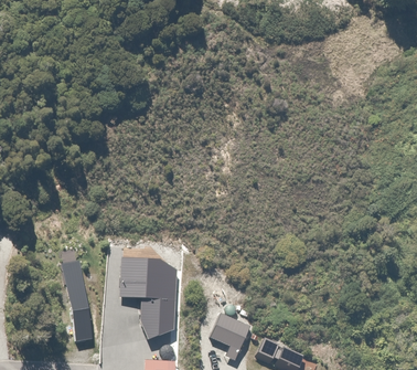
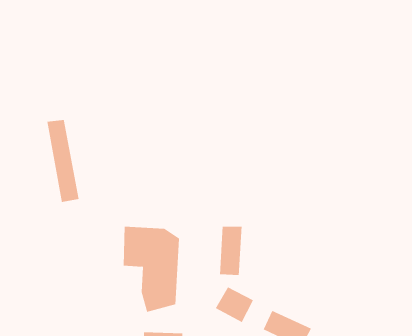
building: none -> [220,226,242,276]
building: [61,258,93,339] -> [46,119,79,202]

